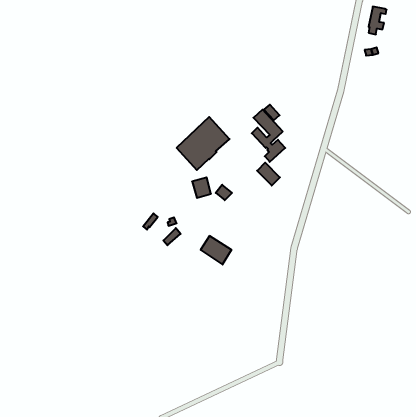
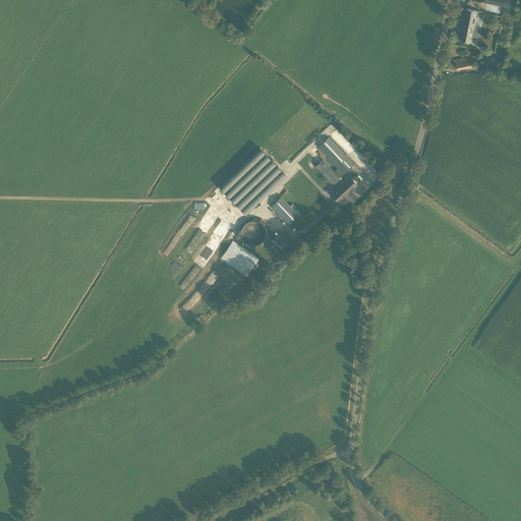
building: [257,163,280,186] -> [269,197,297,226]
building: [201,236,232,265] -> [218,241,256,277]

